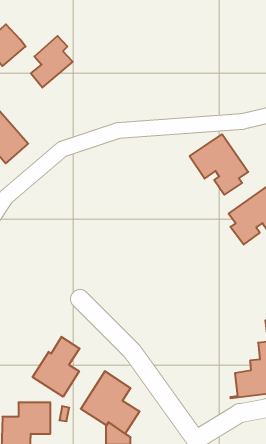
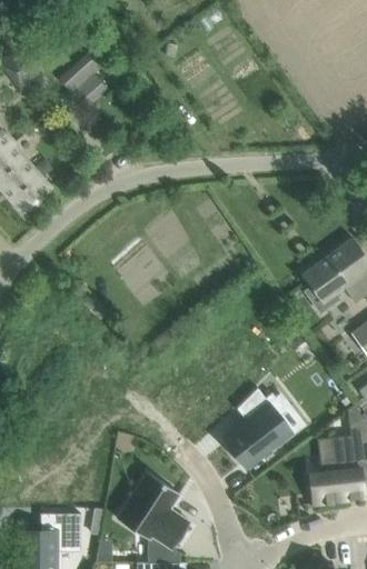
building: [190,134,248,195] -> none
building: none -> [221,388,291,468]
building: [33,337,80,397] -> none

